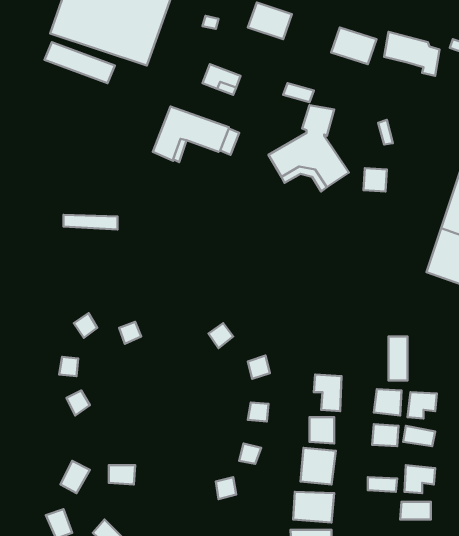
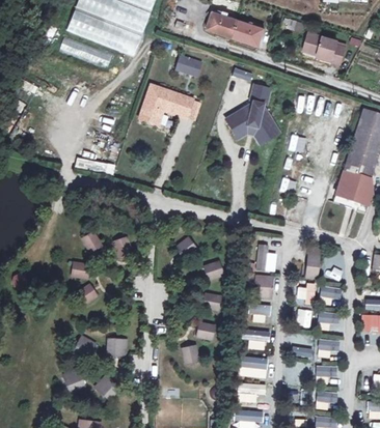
building: [331,28,376,64] -> [232,19,264,45]
building: none -> [256,245,276,270]

